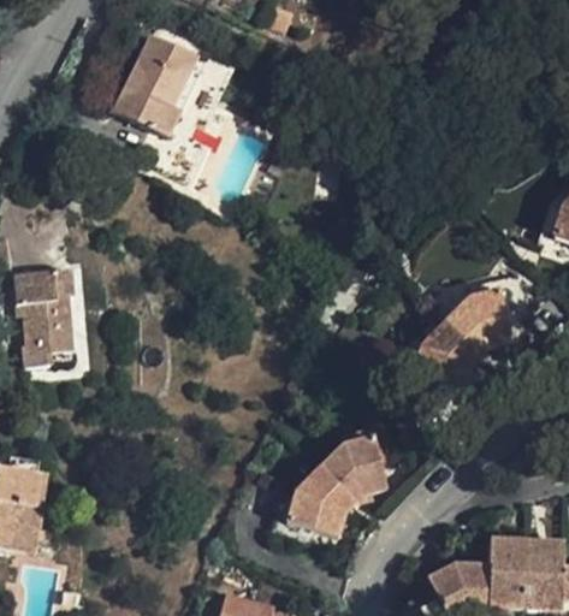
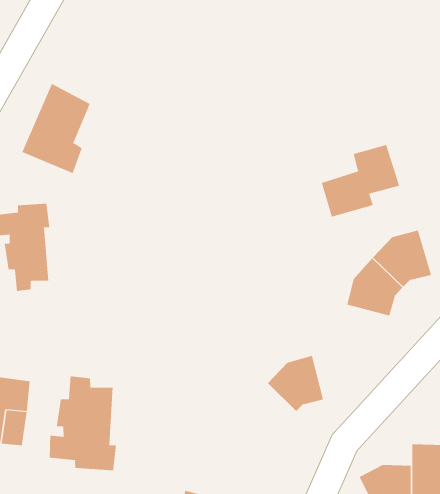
building: [117,30,197,136] -> [22,83,91,174]
building: none -> [321,144,400,218]
building: none -> [49,375,117,471]
building: [288,469,354,537] -> none

